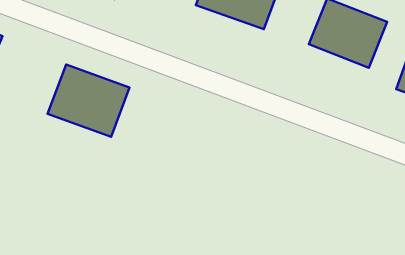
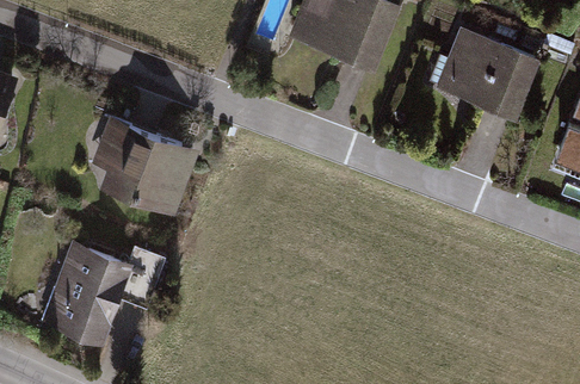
building: none -> [33,237,150,359]

